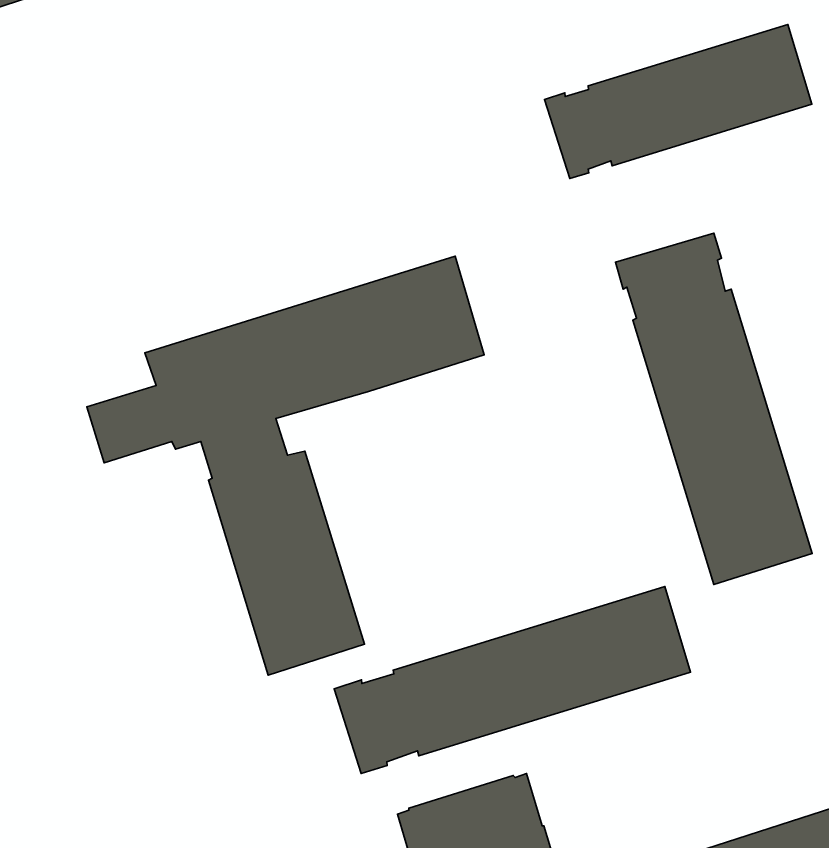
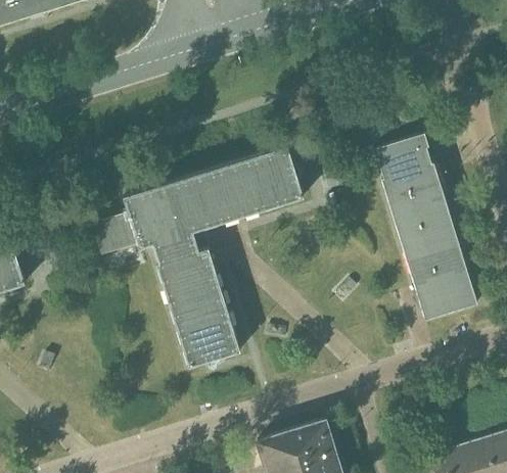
building: [545,24,812,179] -> none
building: [334,587,691,773] -> none

